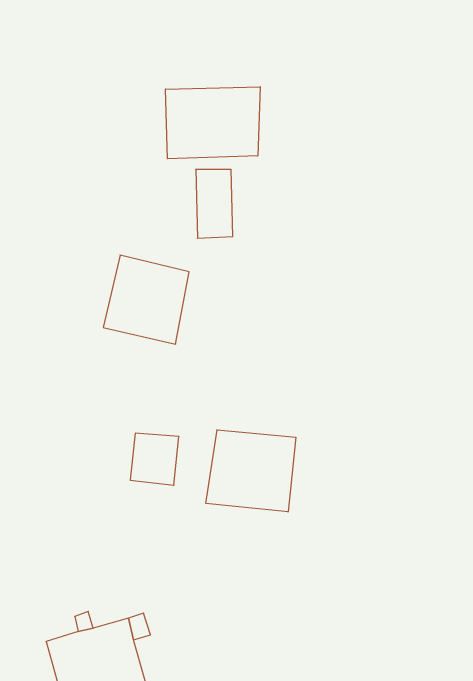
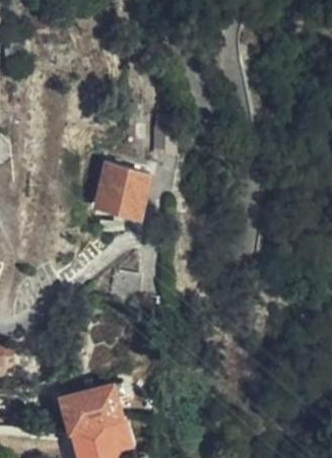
building: [166,87,260,159] -> none
building: [206,430,296,512] -> none

